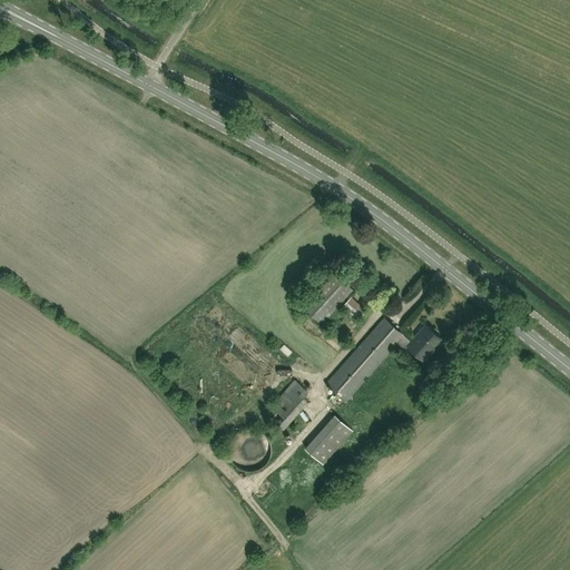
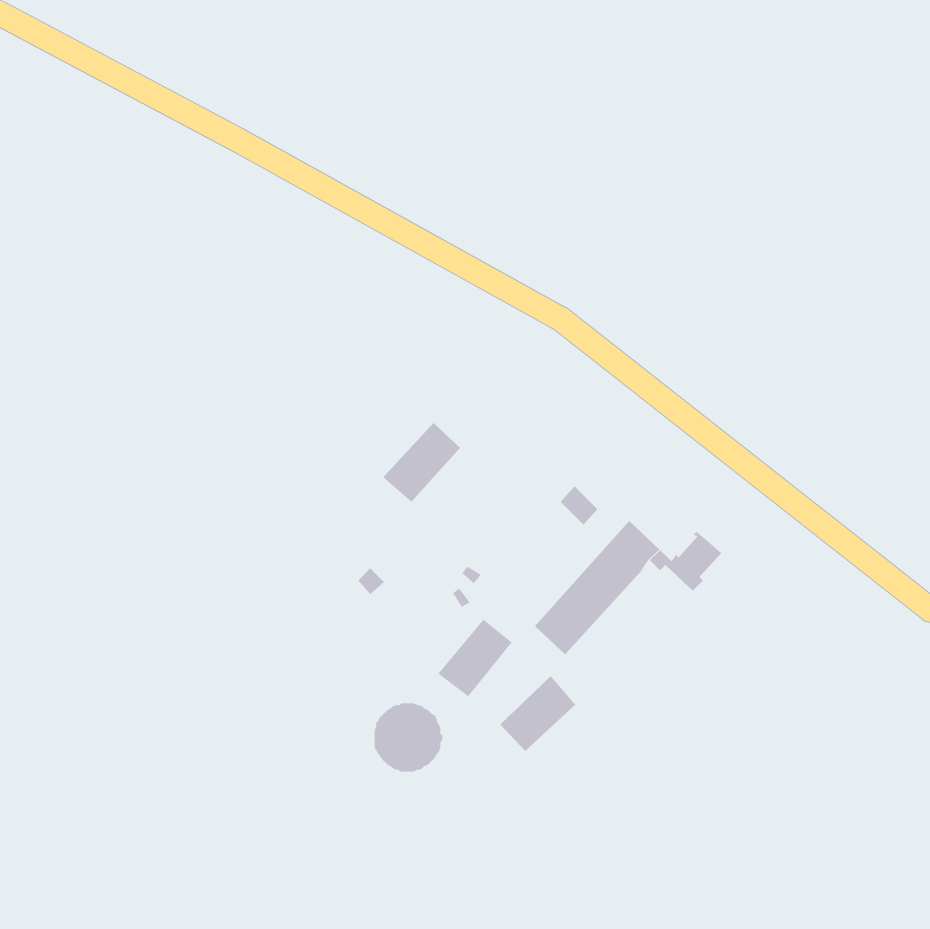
building: [303,276,351,325] -> [382,422,461,503]

